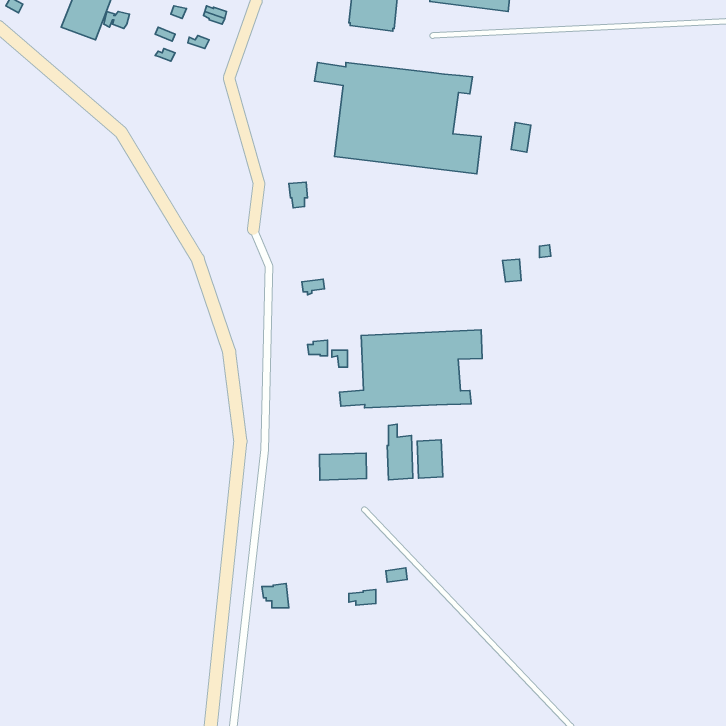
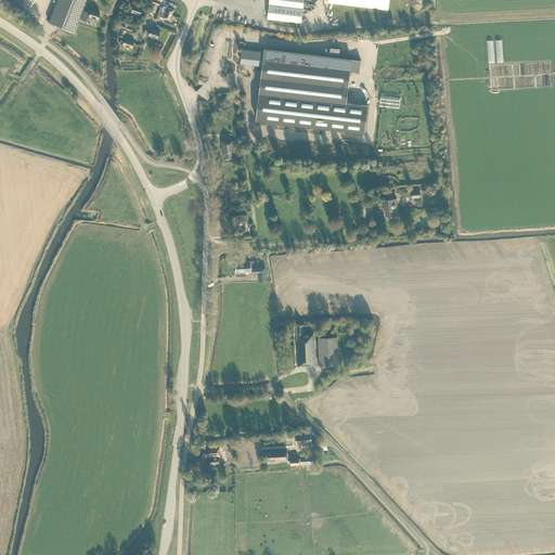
building: [339,330,482,408] -> none
building: [320,453,366,480] -> none

